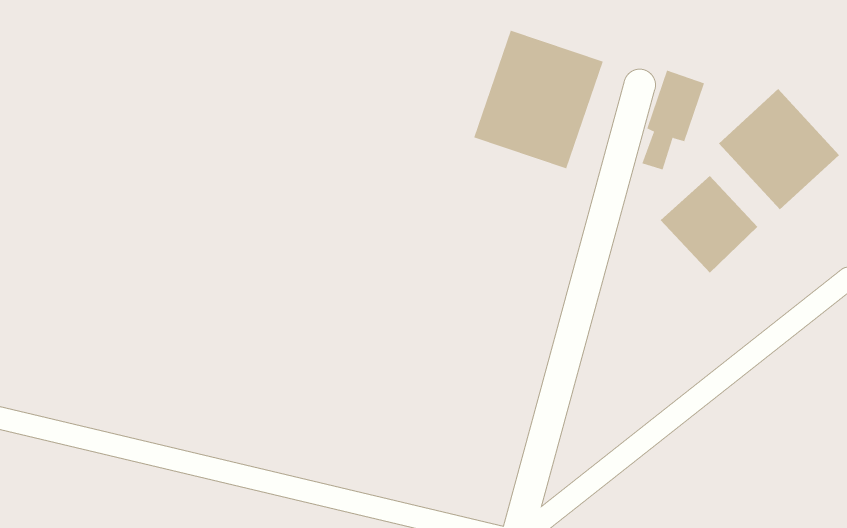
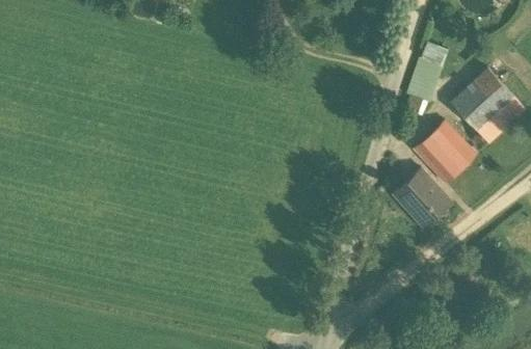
building: [474,30,604,169] -> none
building: none -> [393,168,450,226]

